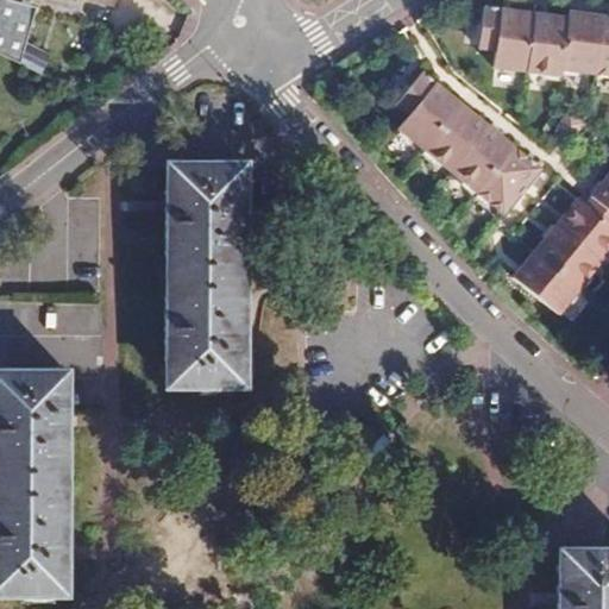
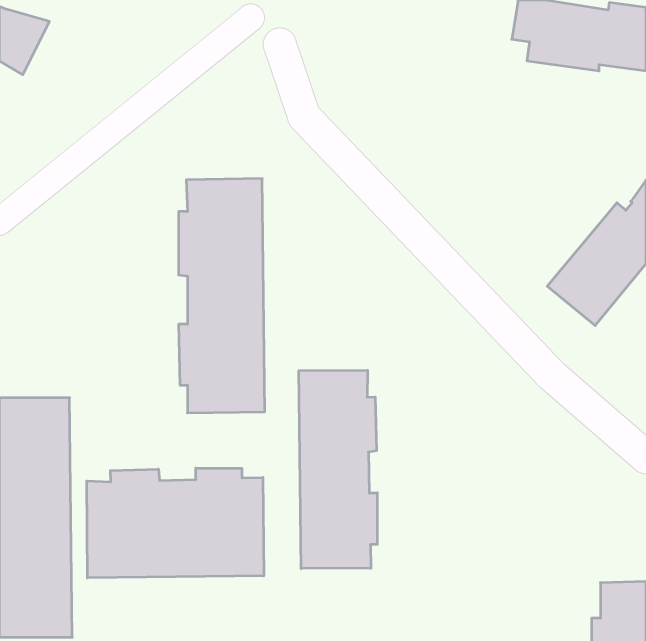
building: [398,69,544,211] -> none
building: none -> [299,370,377,569]
building: none -> [87,468,264,578]

